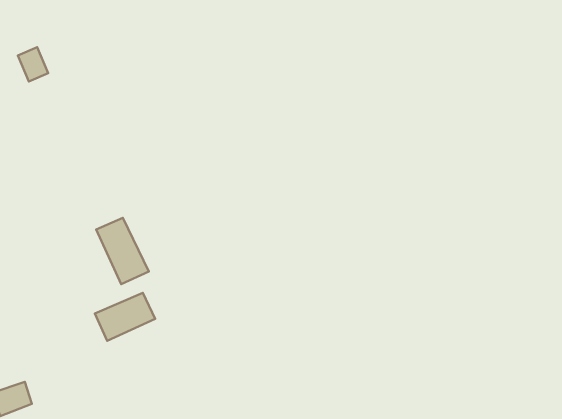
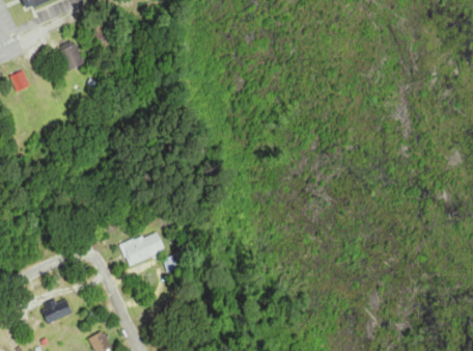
building: [96,218,149,284] -> none

